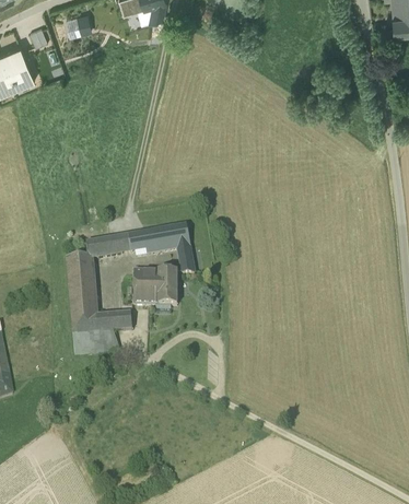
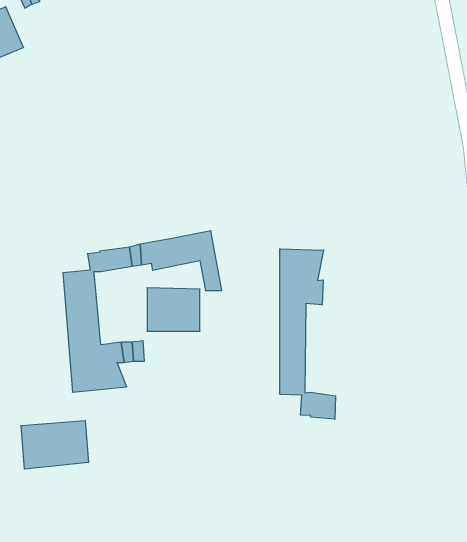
building: none -> [280,249,336,419]
building: none -> [21,420,89,469]

